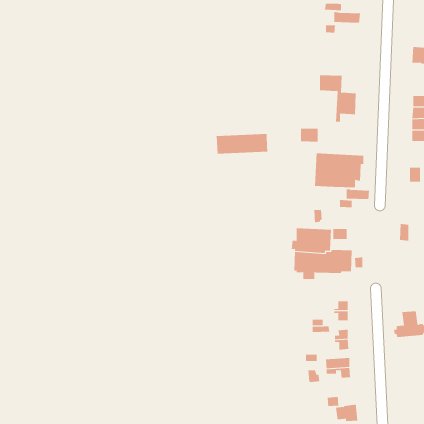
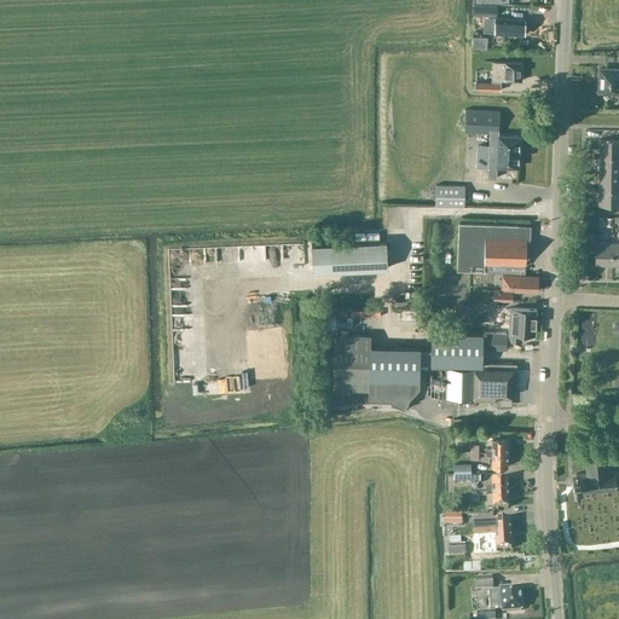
building: none -> [476,63,523,91]
building: [216,133,268,154] -> [312,242,388,272]
building: none -> [509,310,537,341]
building: none -> [334,335,421,409]

